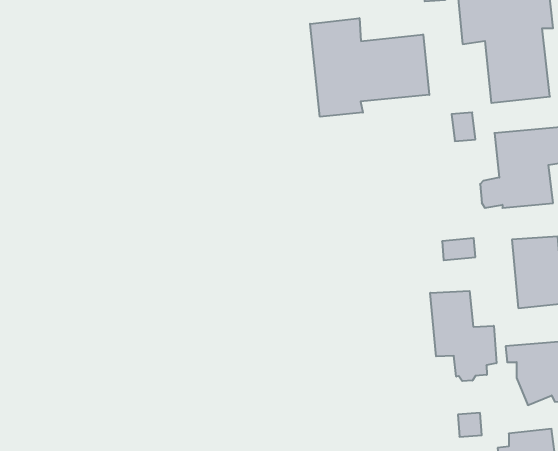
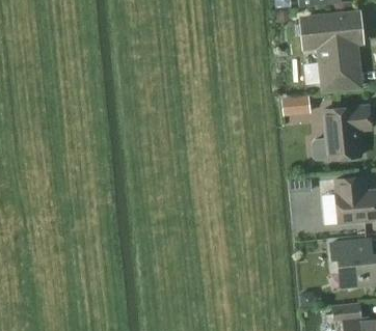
building: [310,18,429,117] -> none
building: [430,291,496,381] -> none

